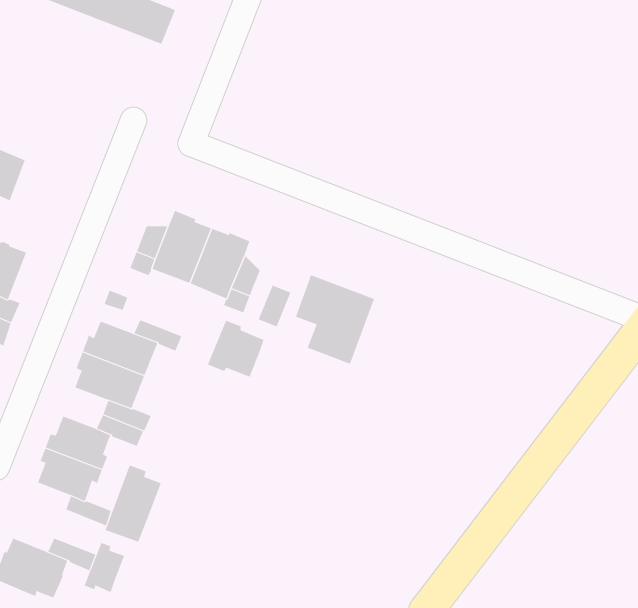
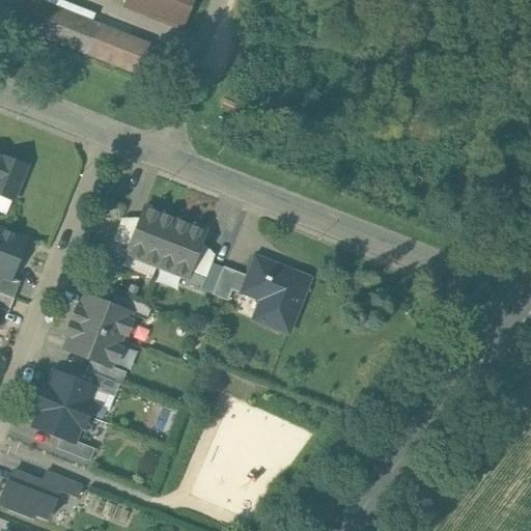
building: [207,320,264,378] -> none
building: [105,465,161,543] -> none
building: [84,542,125,592] -> none

